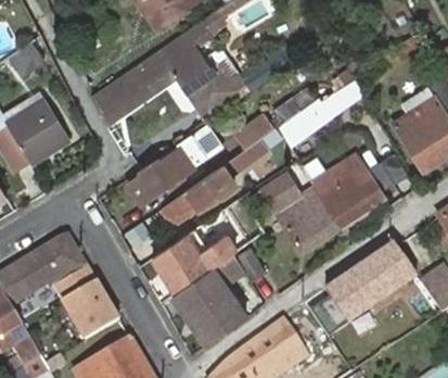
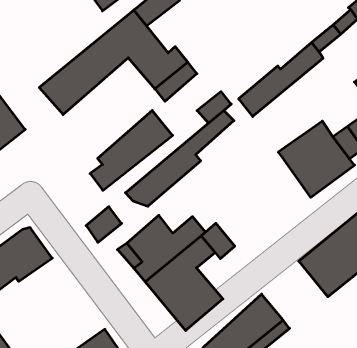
building: [260,172,341,252] -> none
building: [50,262,117,336] -> none

